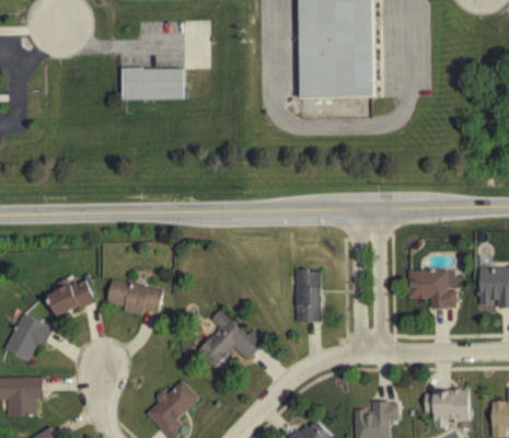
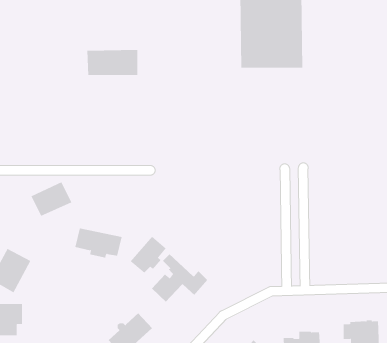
building: [48,268,97,310] -> [31,181,72,217]
building: [294,270,320,323] -> none
building: [407,270,454,310] -> none
building: none -> [130,236,167,274]

